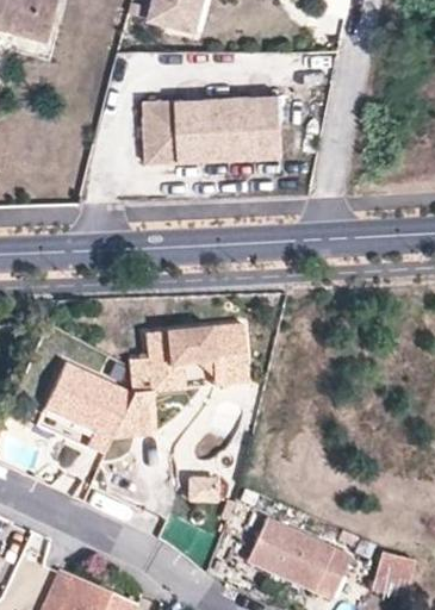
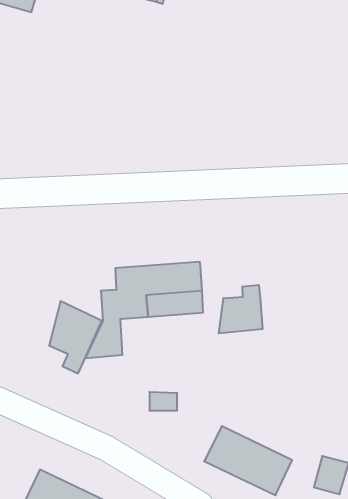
building: [139,95,281,162] -> none
building: none -> [219,285,262,333]
building: [41,365,81,424] -> none

